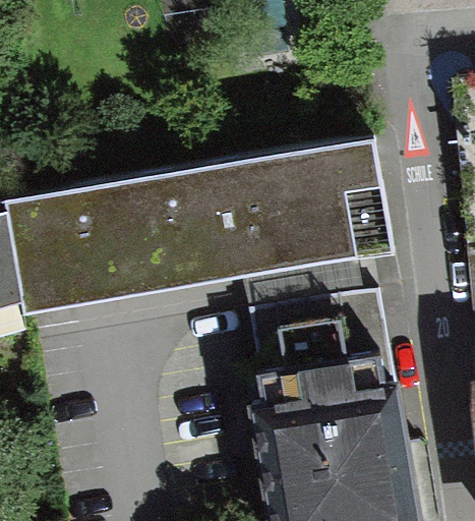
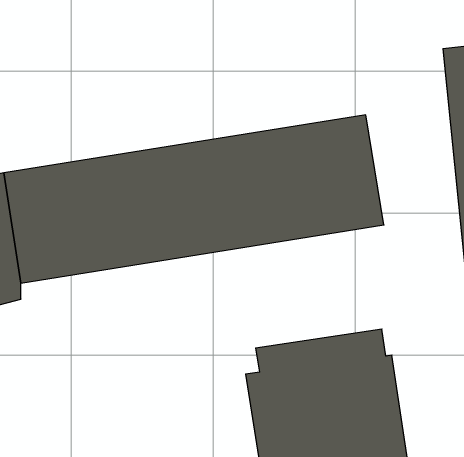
building: [249,288,391,378] -> none

